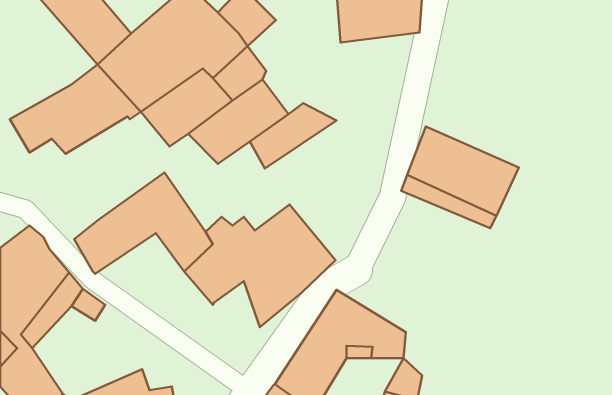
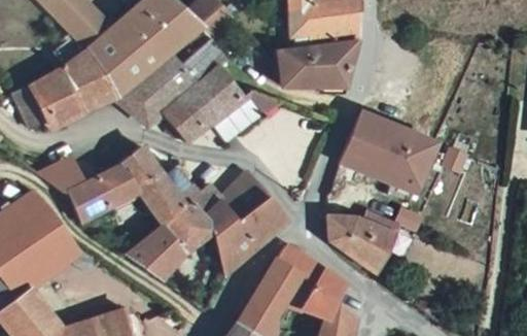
building: none -> [276,35,353,89]
building: none -> [43,163,87,201]
building: none -> [325,191,400,270]
building: none -> [125,227,182,284]

